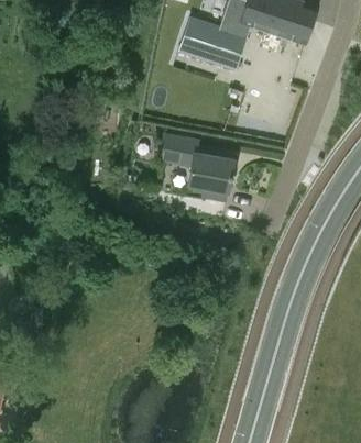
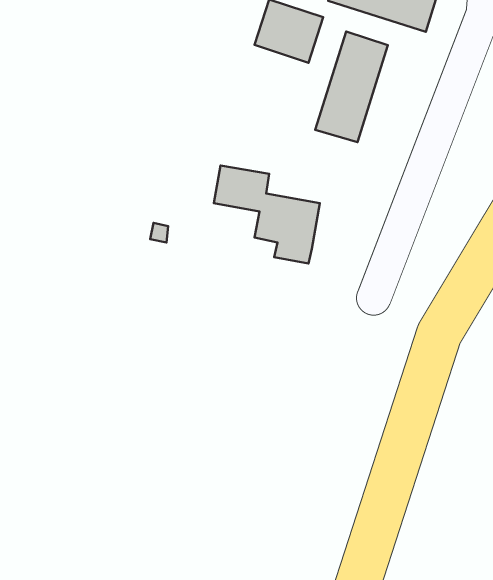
building: none -> [315,31,388,142]

